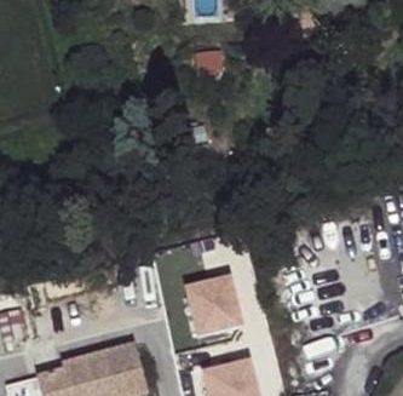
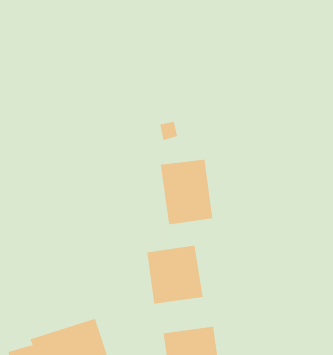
building: none -> [160,159,213,225]

